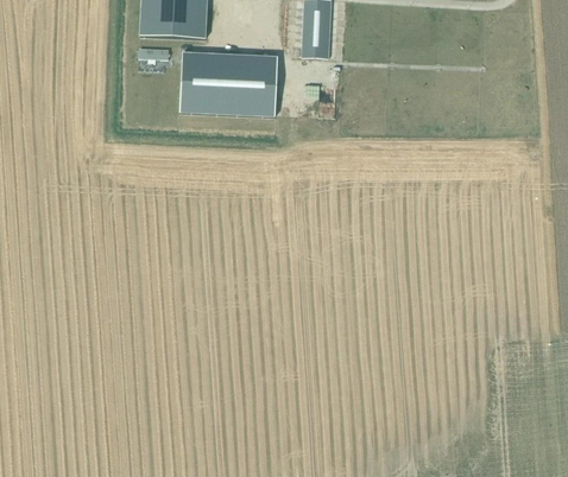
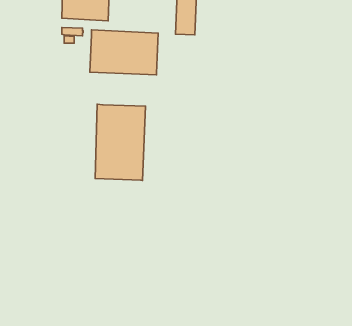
building: none -> [95,104,146,180]

